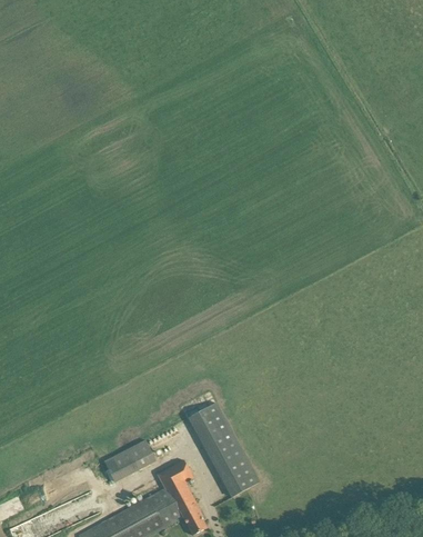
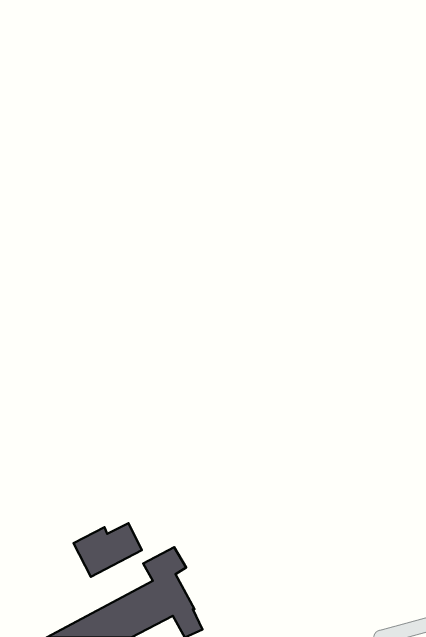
building: [189,404,259,498] -> none

